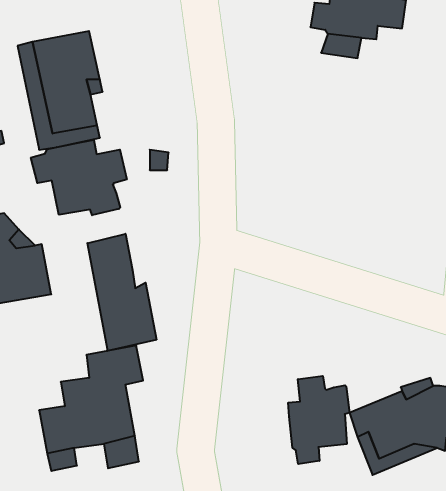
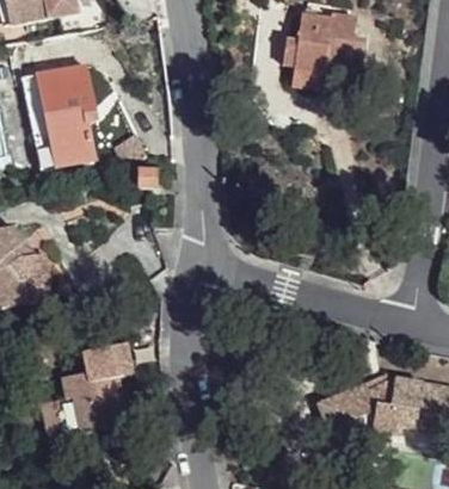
building: [31,140,127,215] -> none
building: [87,234,156,351] -> none
building: [288,376,349,464] -> none

